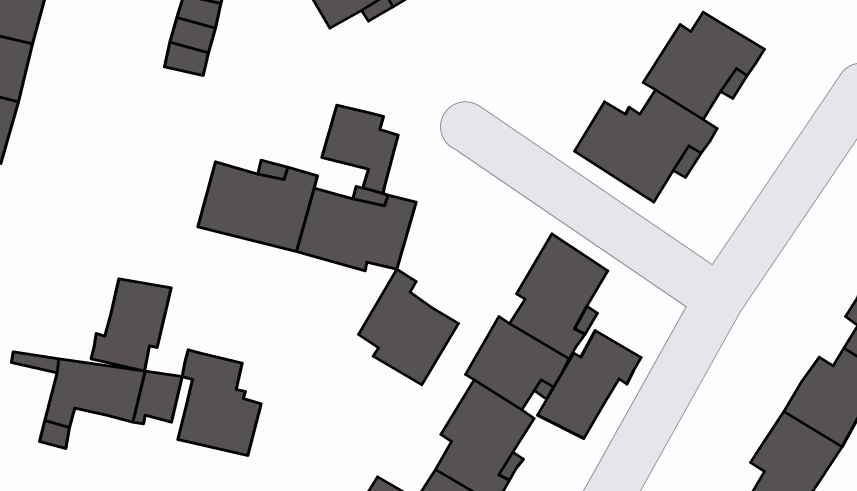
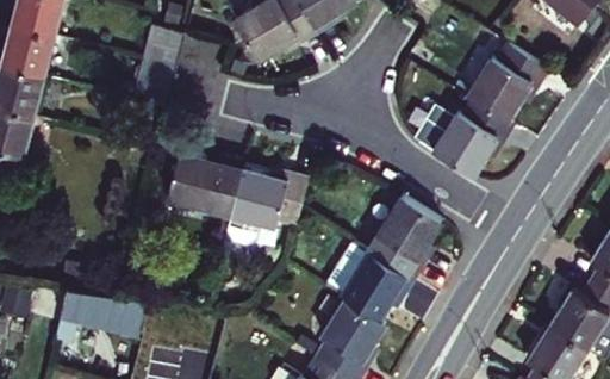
building: [322,105,398,193] -> none
building: [358,269,458,385] -> none
building: [91,279,171,371] -> none
building: [537,331,641,438] -> none
building: [178,350,261,456] -> none

